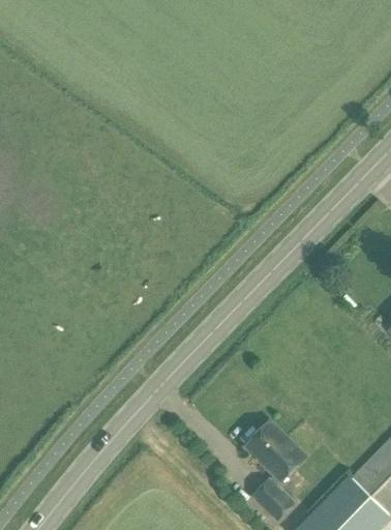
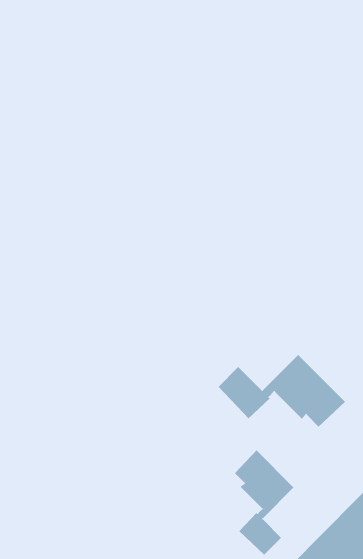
building: none -> [218,354,346,427]

